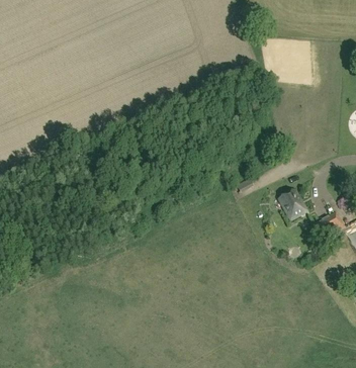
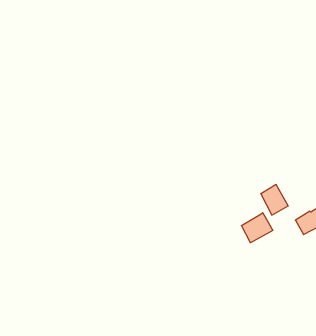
building: none -> [241,213,273,243]

